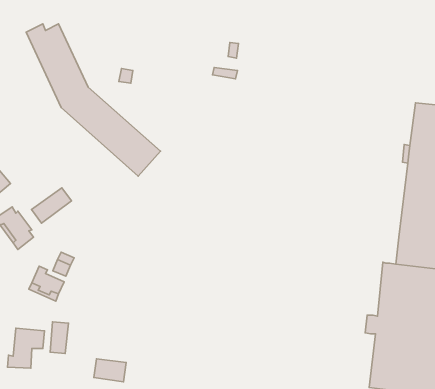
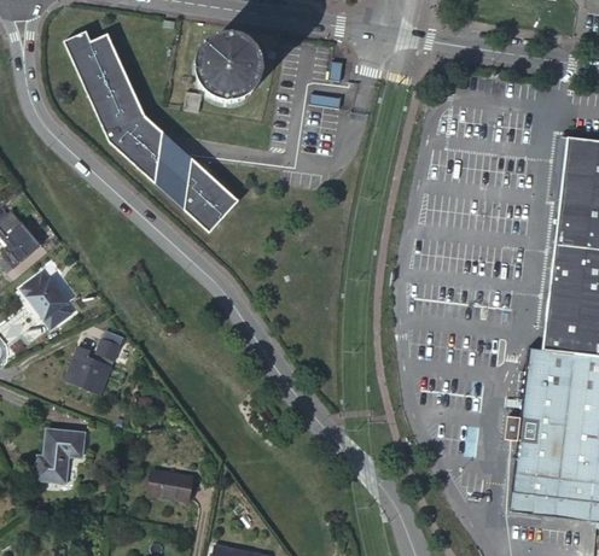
building: none -> [193,37,258,103]
building: [32,188,71,223] -> none
building: [50,322,68,353] -> none

